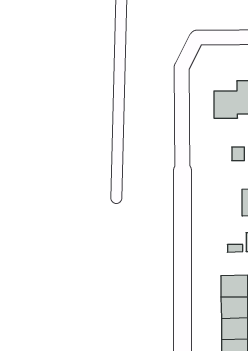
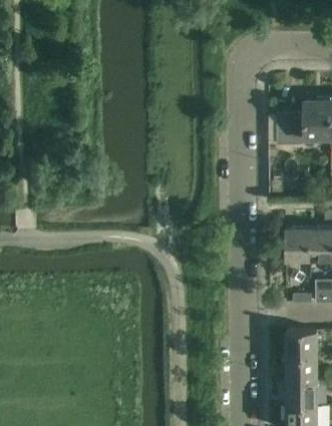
building: none -> [285,229,310,260]

